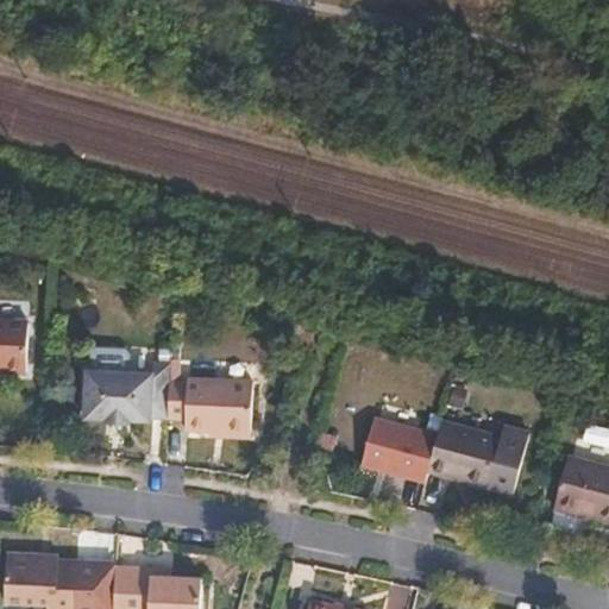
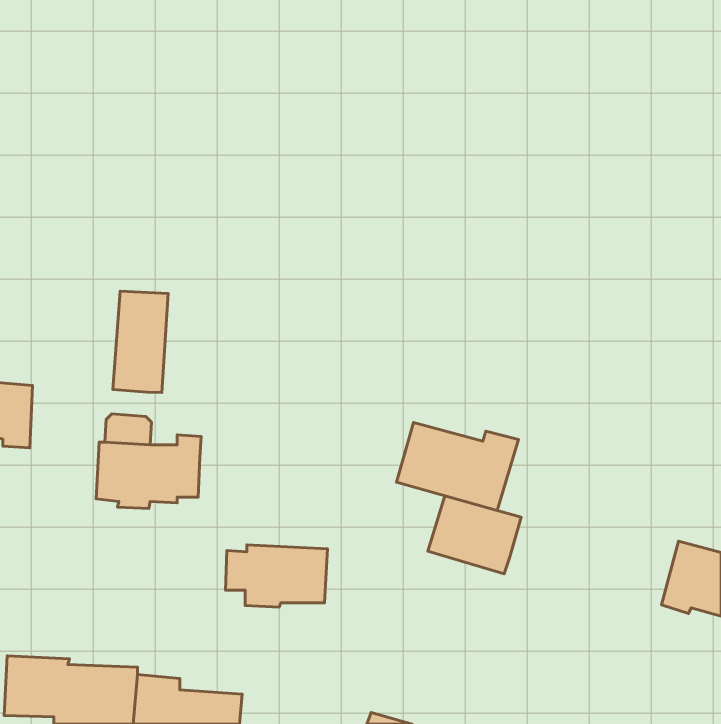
building: none -> [113,291,168,392]
building: [167,379,252,432] -> [225,545,327,607]
building: [428,417,530,491] -> [397,423,518,510]

